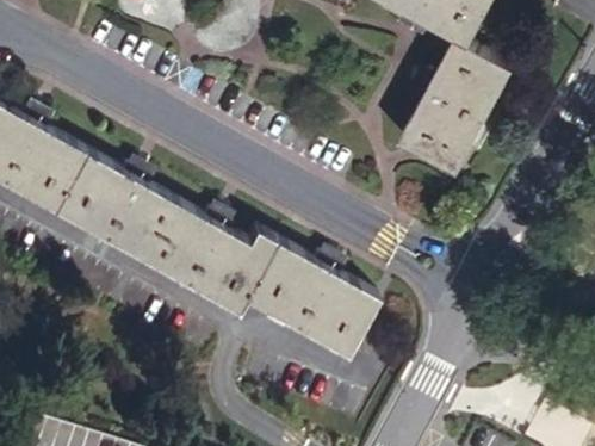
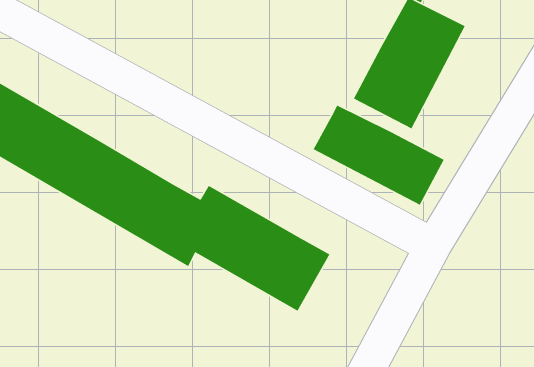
building: none -> [312,104,445,206]

